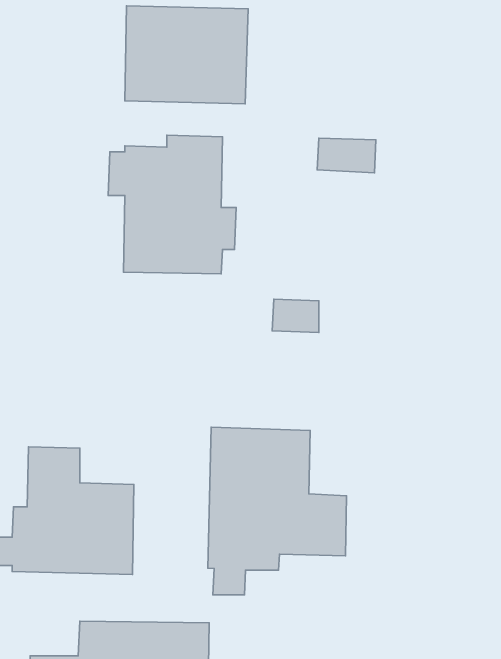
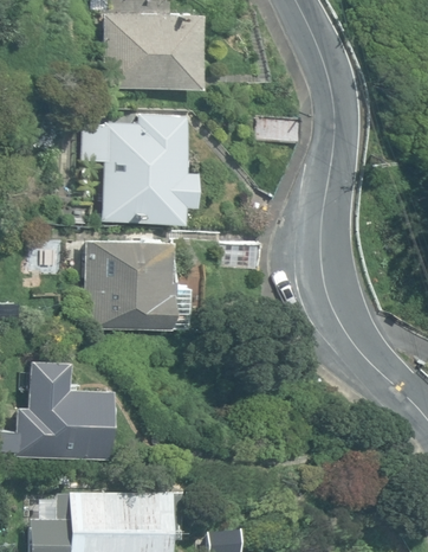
building: none -> [87,239,188,328]
building: [208,427,347,595] -> none

